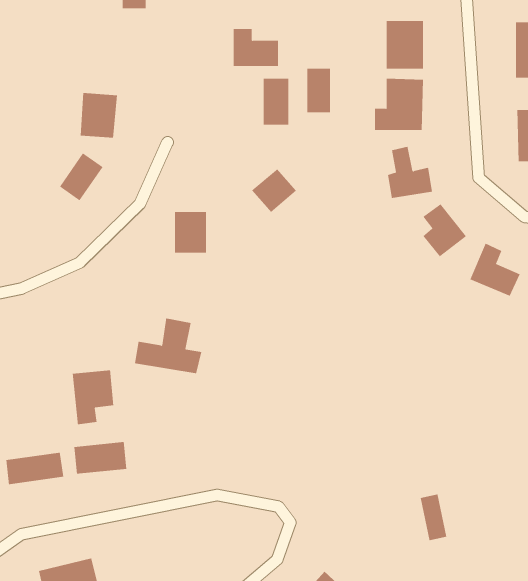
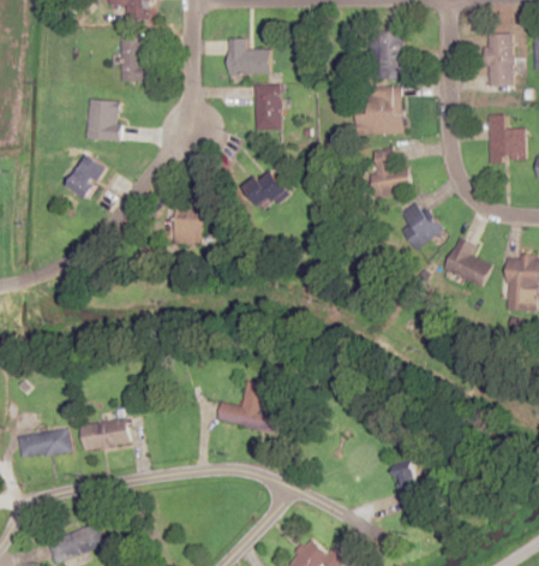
building: none -> [120,37,144,82]
building: [307,68,331,113] -> none
building: [134,318,202,374] -> [217,380,280,431]
building: [72,369,114,425] -> none

